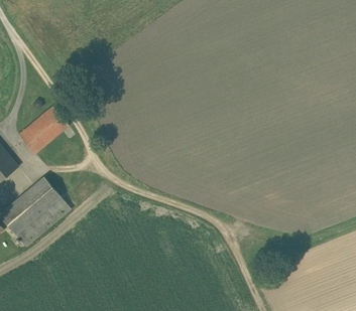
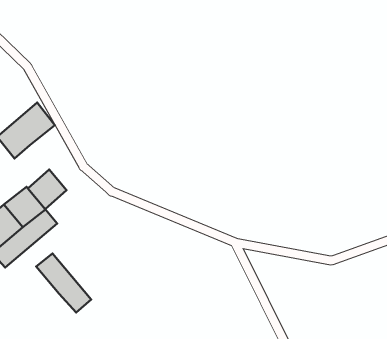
building: none -> [28,170,67,209]
building: none -> [36,254,91,312]

